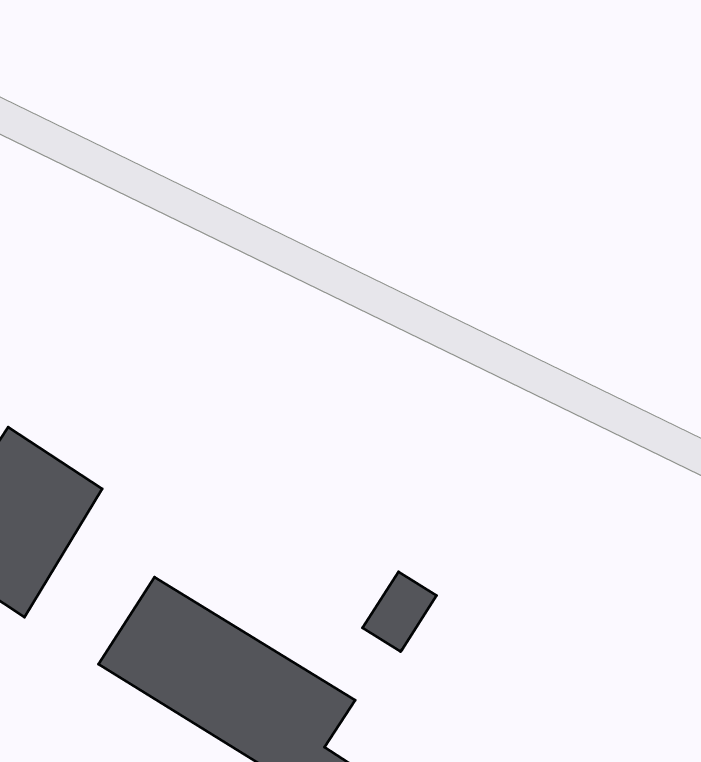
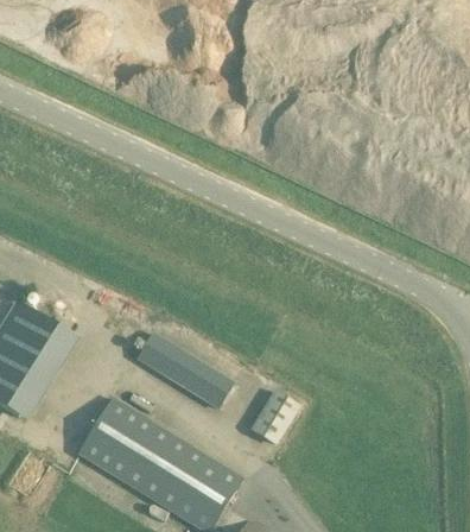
building: none -> [133,330,231,407]

